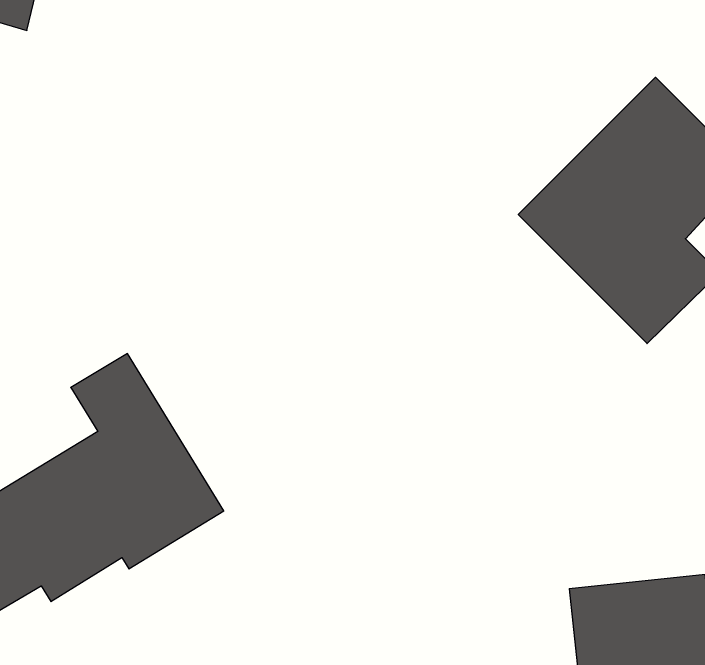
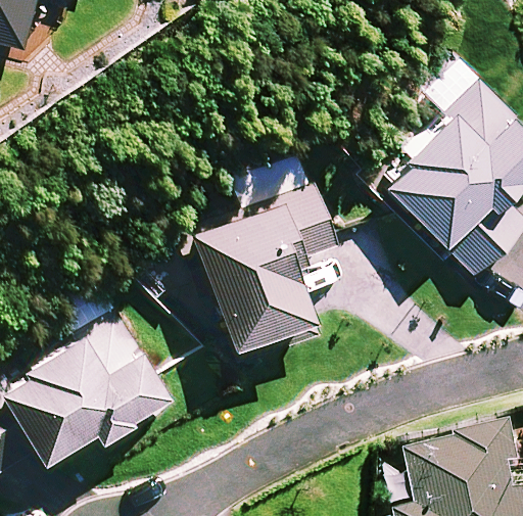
building: none -> [185,159,340,351]

